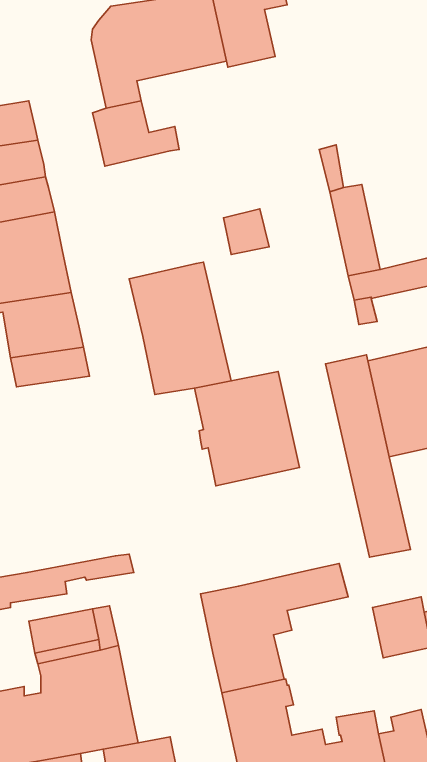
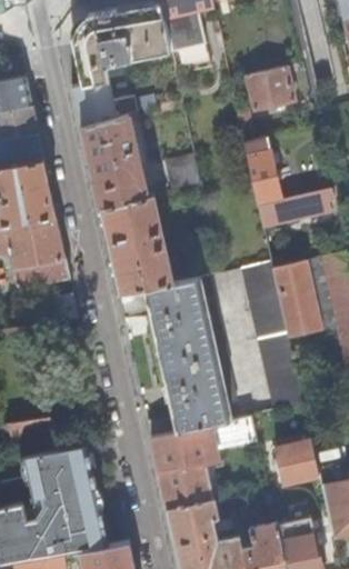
building: none -> [246,68,295,112]
building: none -> [80,114,147,208]
building: none -> [161,346,235,432]

